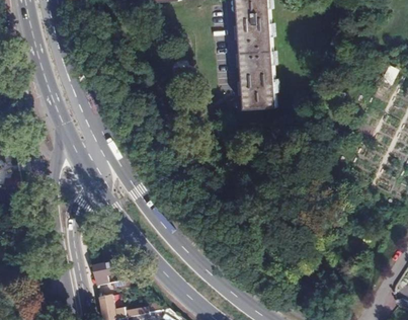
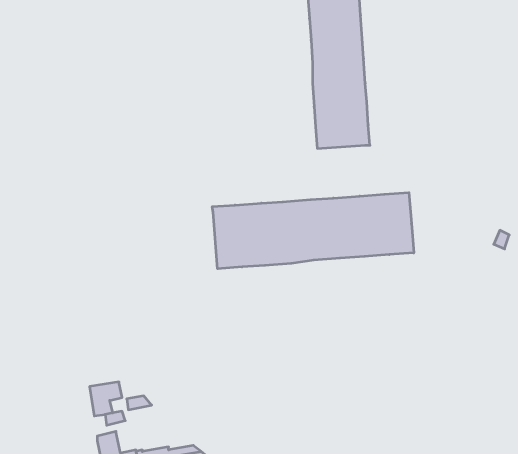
building: none -> [212,193,414,269]

